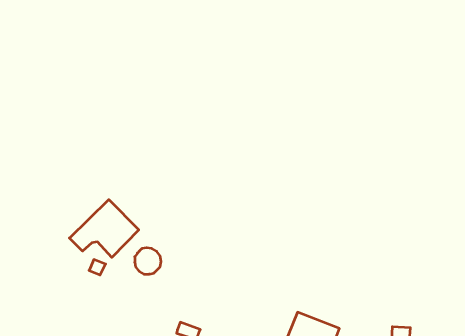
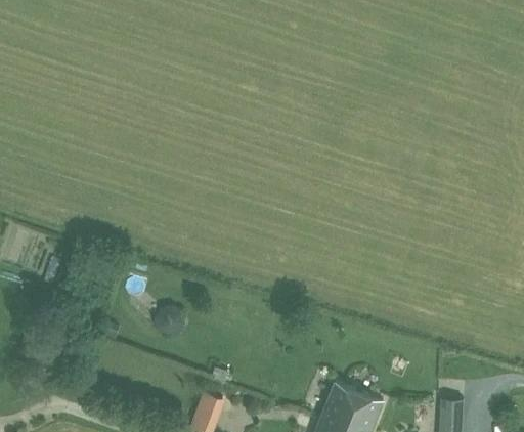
building: [69,200,139,257] -> none

